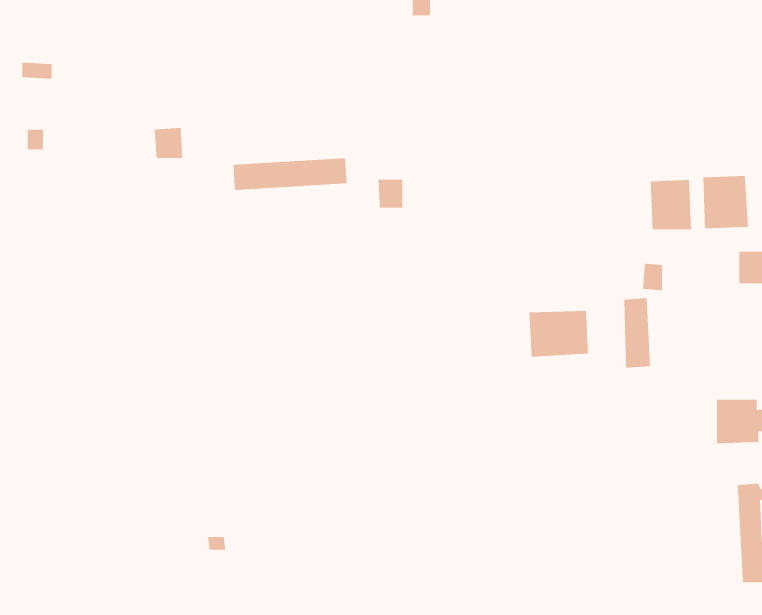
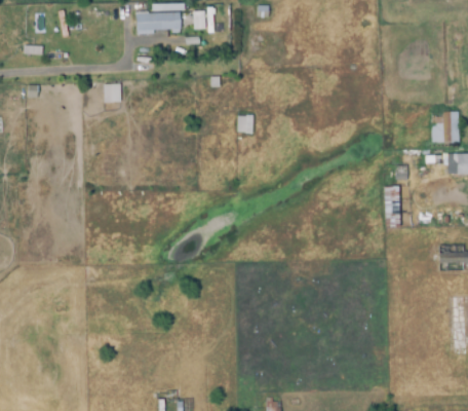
building: [232,158,348,190] -> [135,10,204,30]
building: [650,179,692,230] -> none
building: [529,310,589,357] -> none

